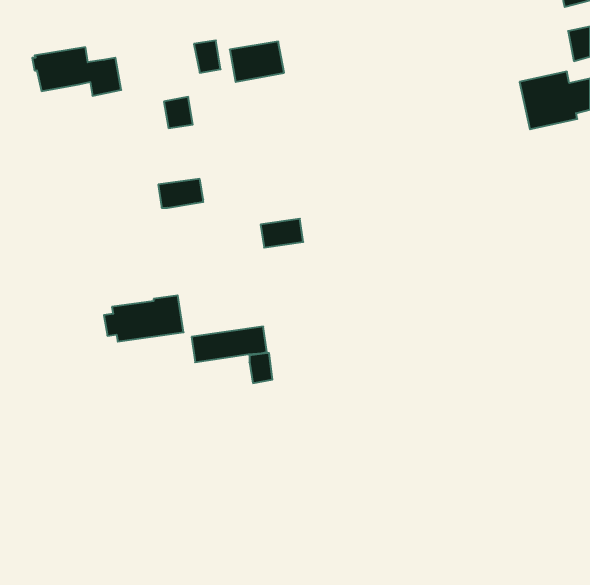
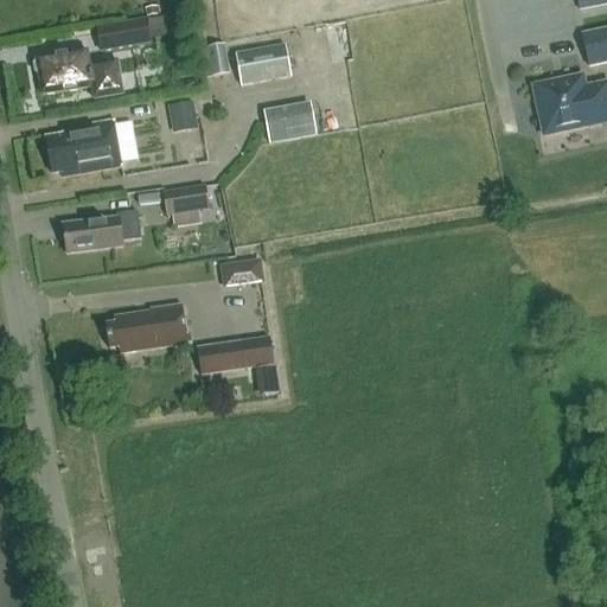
building: none -> [97,18,149,49]
building: none -> [264,102,317,141]
building: none -> [46,119,122,174]
building: none -> [63,210,141,251]
building: [261,219,303,248] -> [221,257,264,287]

